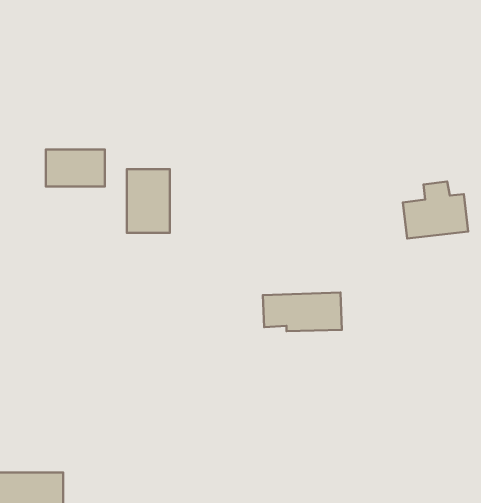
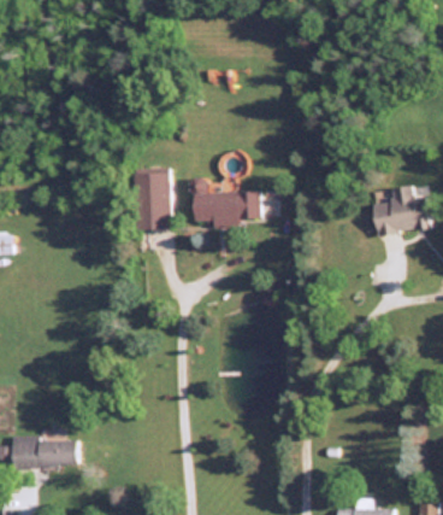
building: [46,150,105,186] -> none
building: [263,292,342,331] -> [191,191,260,224]

